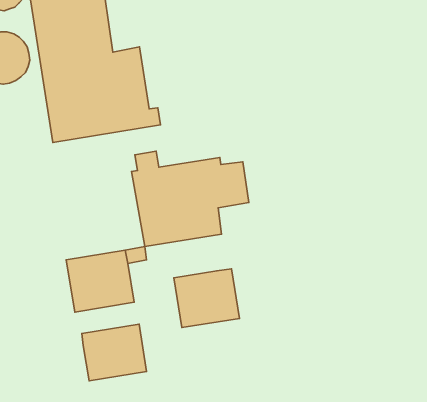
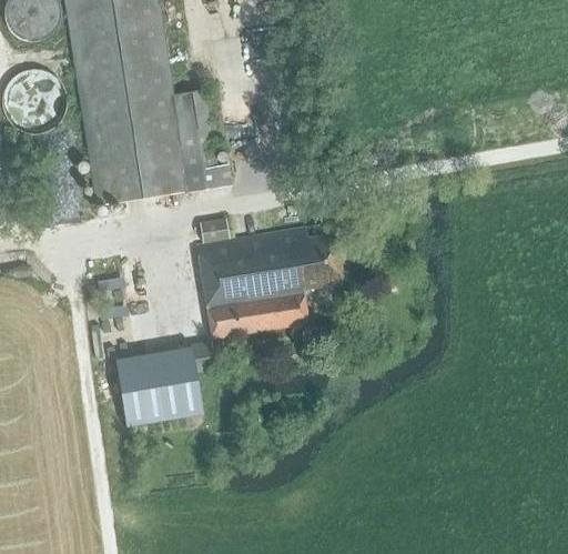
building: [174,269,240,328] -> none
building: [82,324,147,381] -> none

